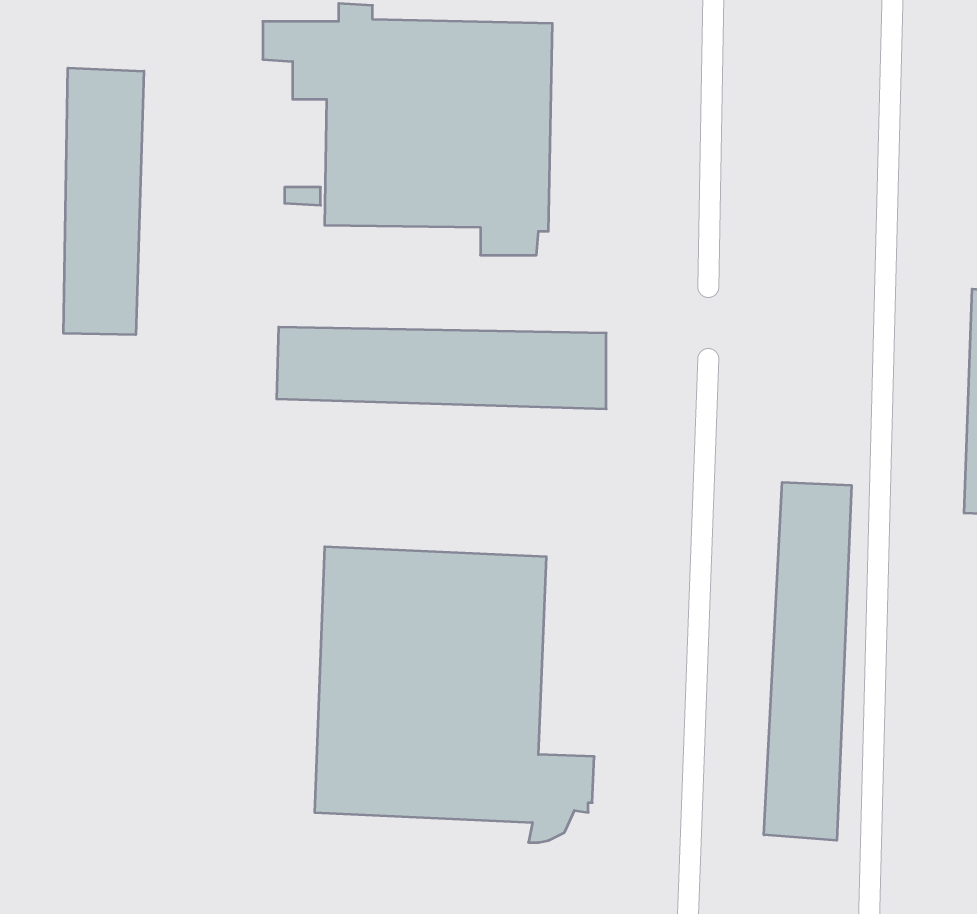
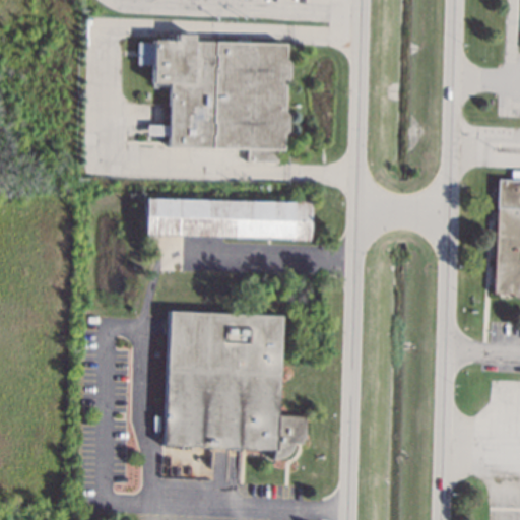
building: [64,68,144,335] -> none
building: [764,482,851,840] -> none

